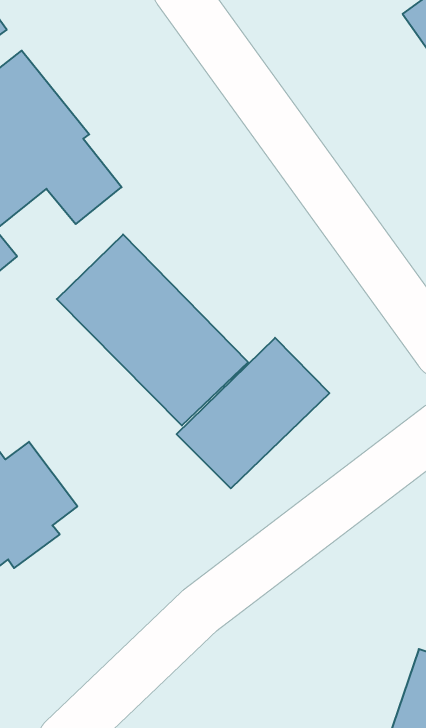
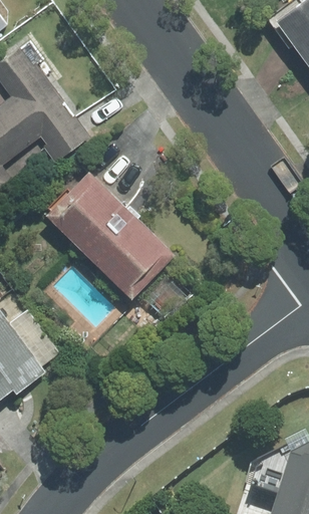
building: [177,338,329,488] -> none

